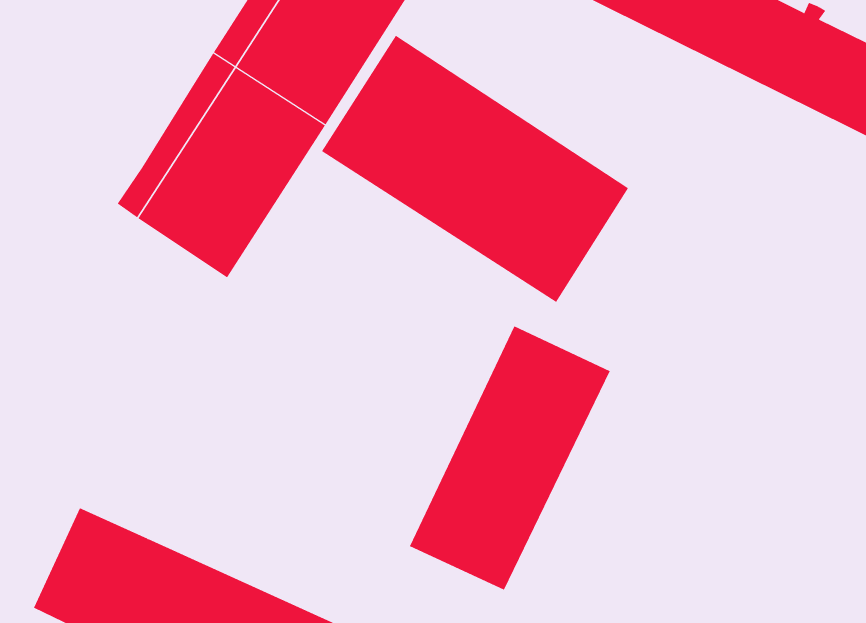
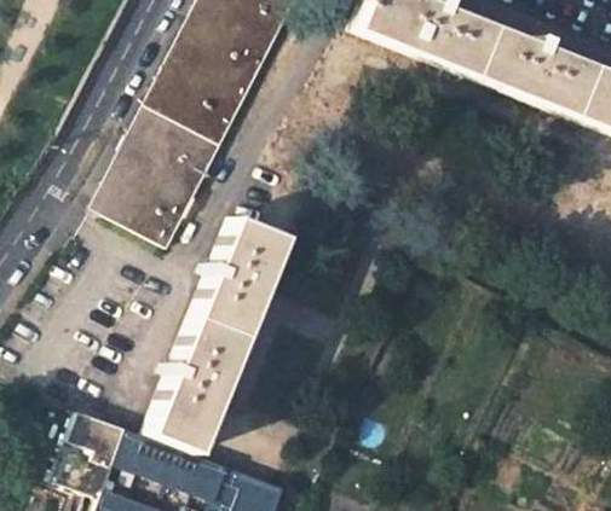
building: [321,35,629,303] -> none
building: none -> [151,213,287,449]
building: [409,325,610,591] -> none

